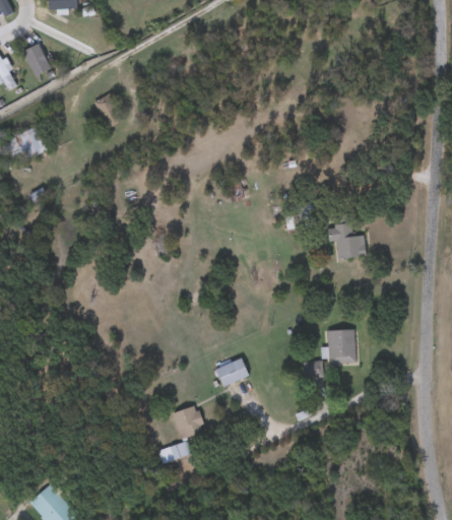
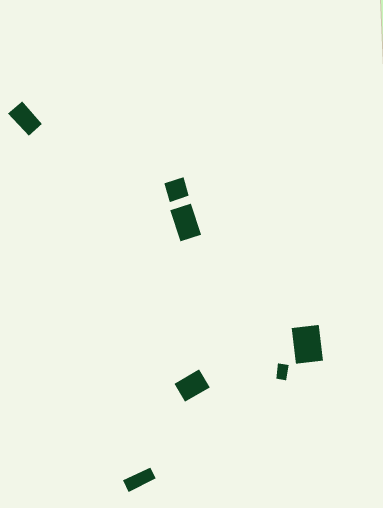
building: none -> [169,203,202,242]
building: [328,222,366,259] -> none
building: [173,405,204,439] -> none

